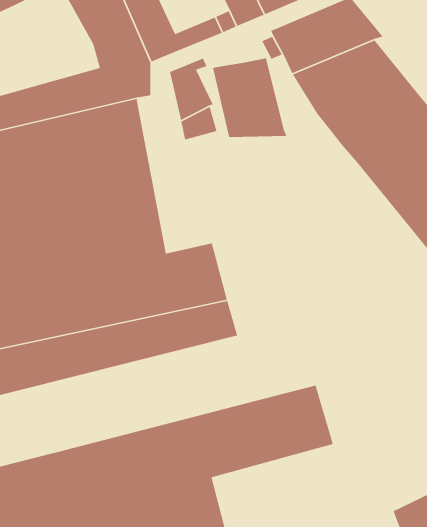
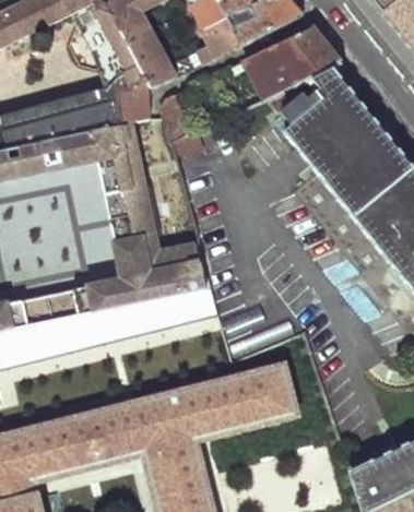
building: [212,57,287,138] -> none

